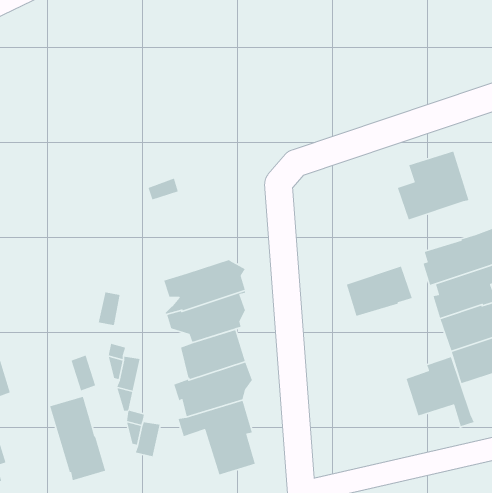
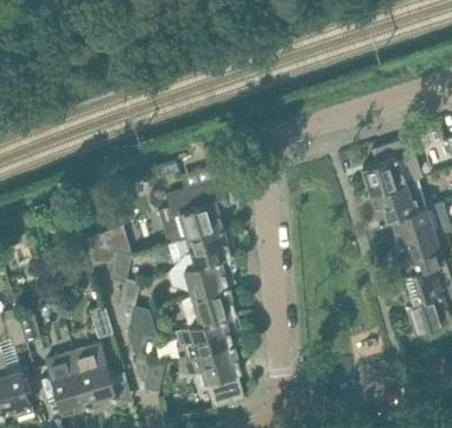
building: none -> [157,180,229,245]
building: [346,266,413,317] -> [371,180,427,222]
building: none -> [84,233,119,268]
building: [405,356,475,427] -> none
building: none -> [45,350,89,414]

